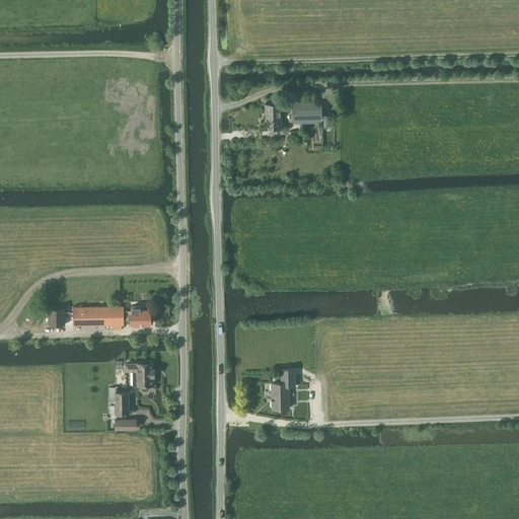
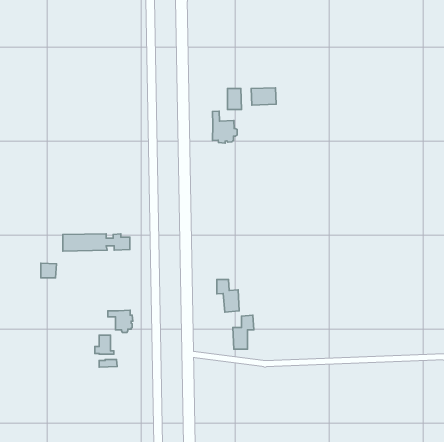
building: none -> [213,111,237,143]
building: [73,307,151,327] -> [63,234,130,251]
building: none -> [217,280,239,312]

